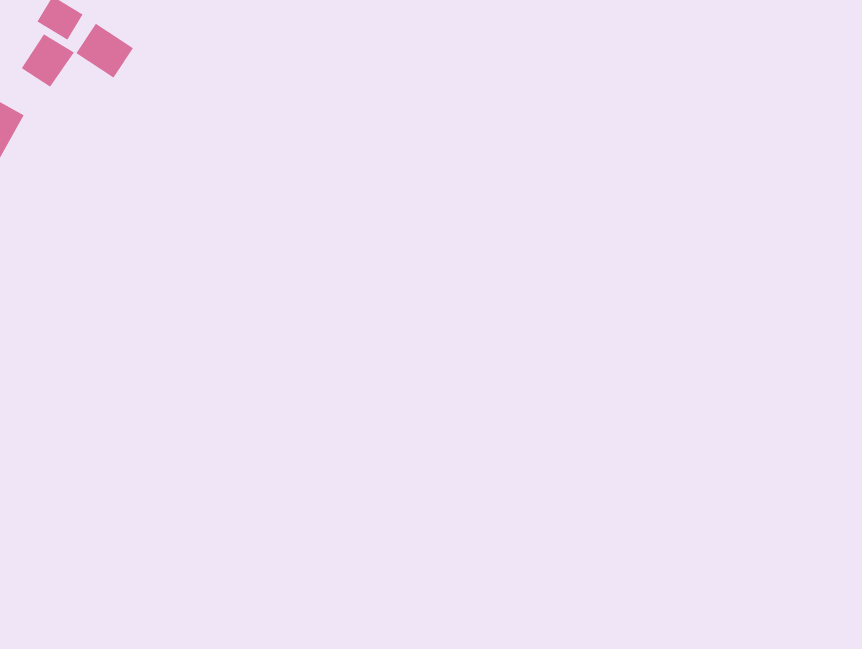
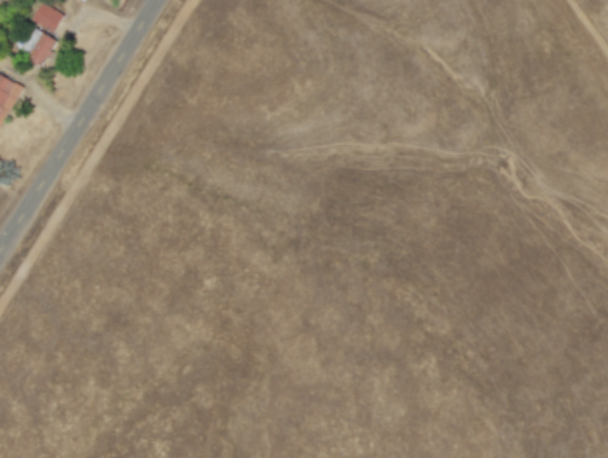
building: [75,23,134,78] -> none

